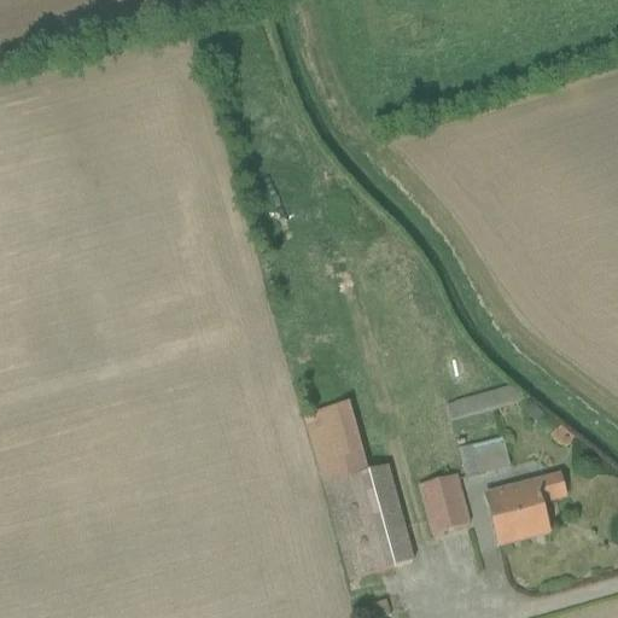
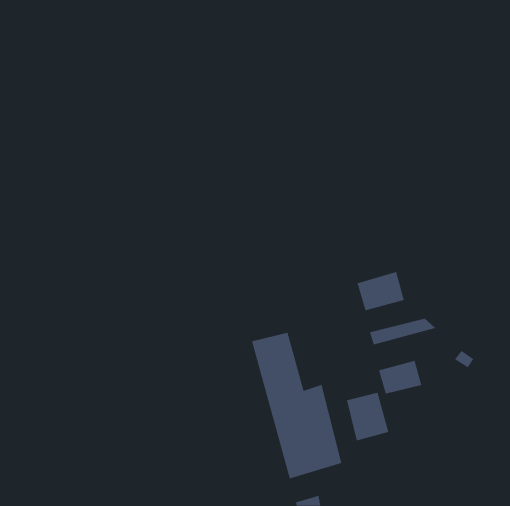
building: none -> [357,271,405,311]
building: [486,471,567,543] -> none

